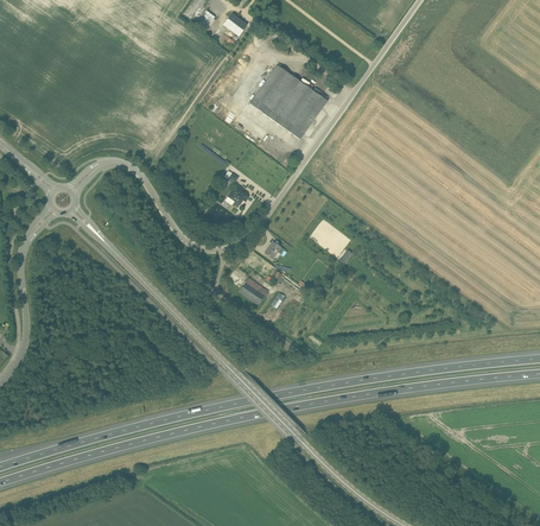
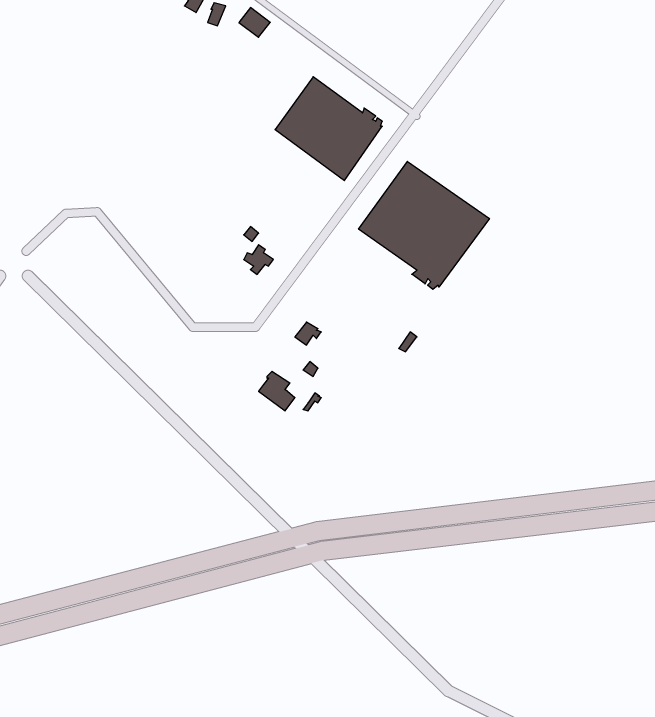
building: none -> [359,161,489,289]

